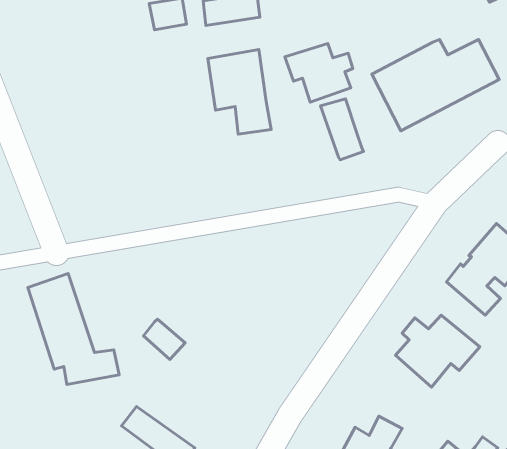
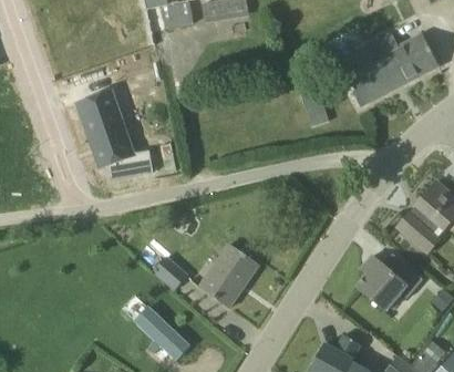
building: [285,43,353,102] -> none
building: [208,50,271,134] -> none
building: [28,274,119,384] -> [79,91,152,179]
building: none -> [198,229,264,308]

